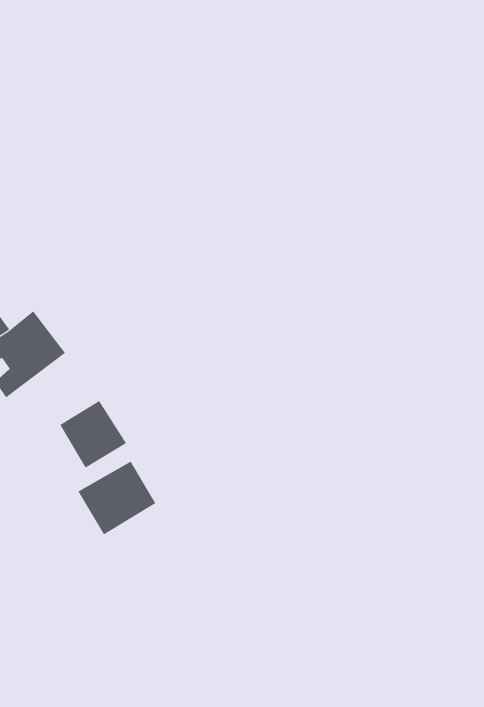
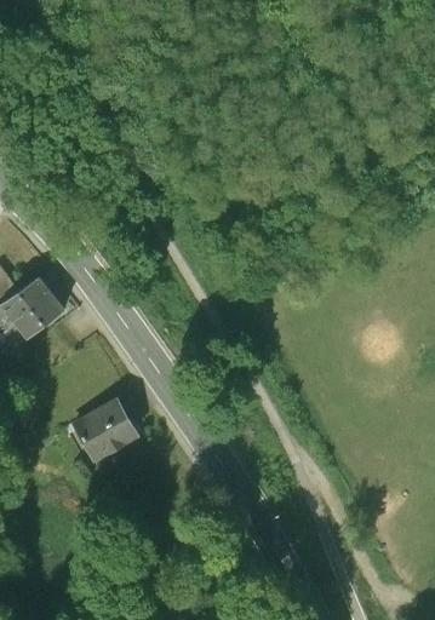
building: [60,400,127,468] -> none

